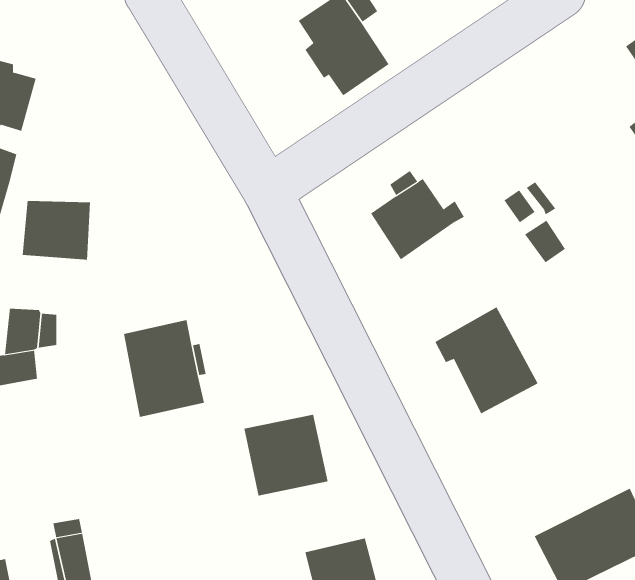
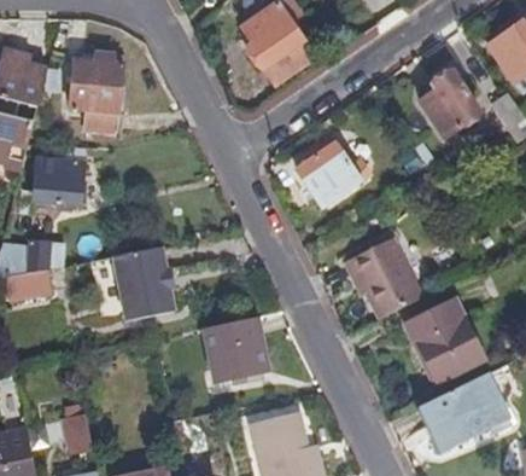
building: none -> [71,56,124,134]
building: none -> [419,70,480,139]
building: none -> [409,297,485,384]

